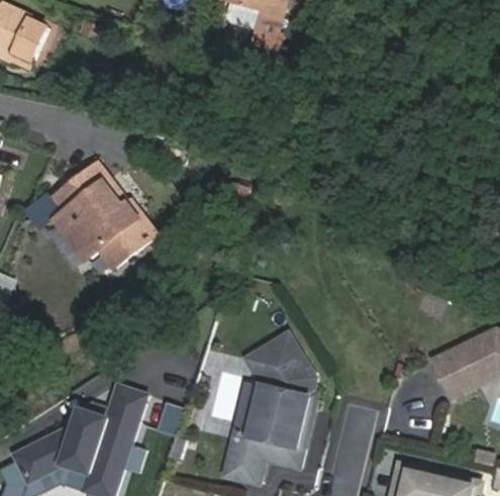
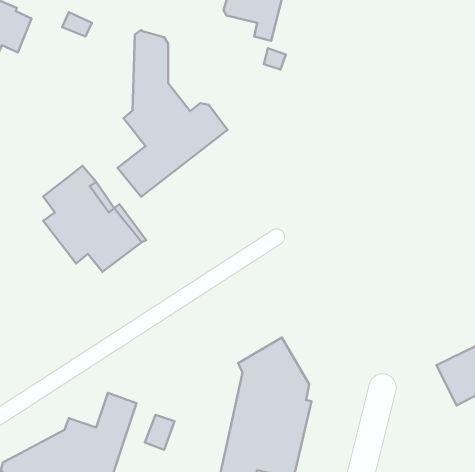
building: none -> [118,30,227,197]

